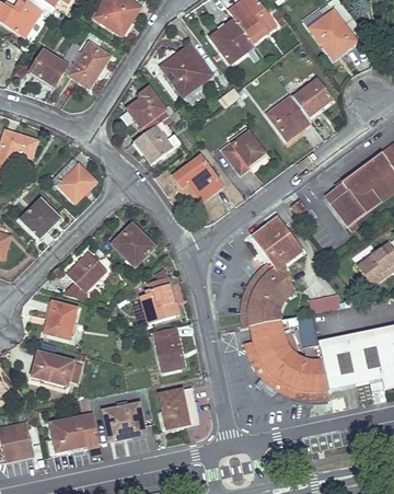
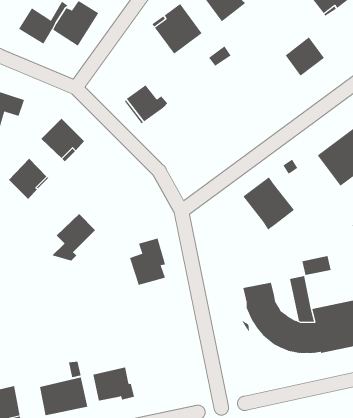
building: [127,87,173,134] -> none
building: [267,94,310,139] -> none
building: [221,128,265,175] -> none
building: [174,156,221,199] -> none
building: [112,223,154,266] -> none
building: [248,263,294,325] -> none
building: [43,300,78,338] -> none
building: [154,325,181,370] -> none
building: [32,352,82,384] -> none
building: [159,387,198,428] -> none

